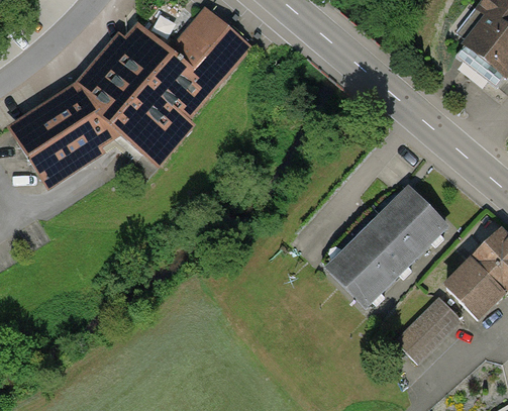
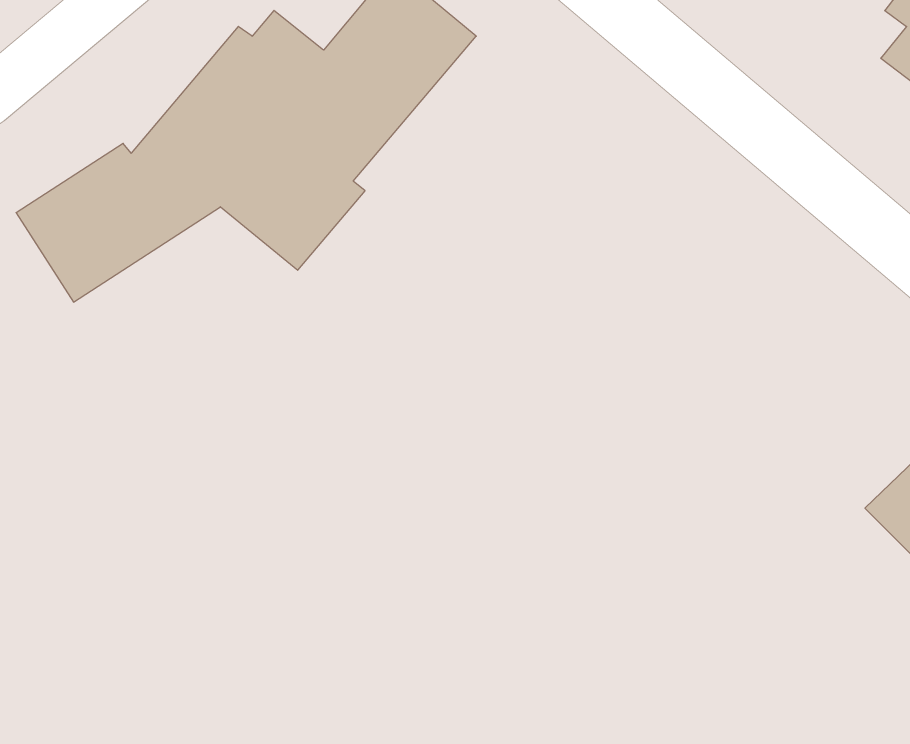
building: [330,188,445,301] -> none
building: [396,295,460,358] -> none

